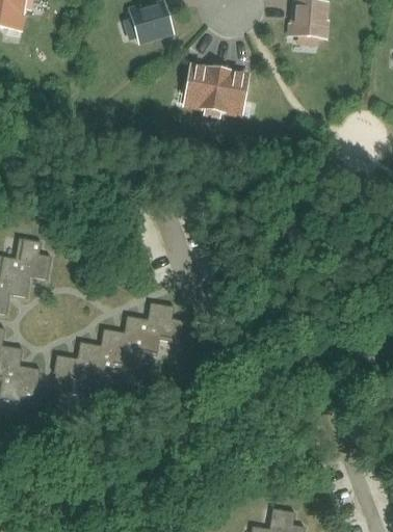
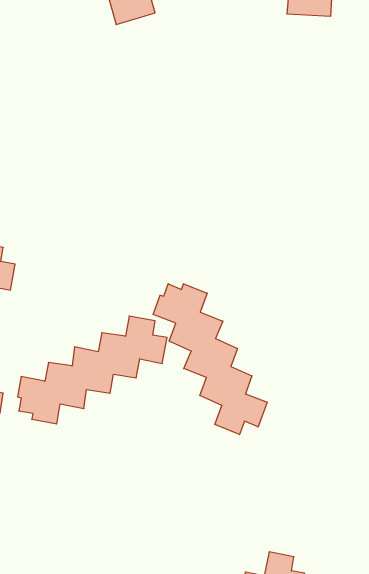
building: [184,62,250,113] -> none
building: none -> [153,284,267,435]

